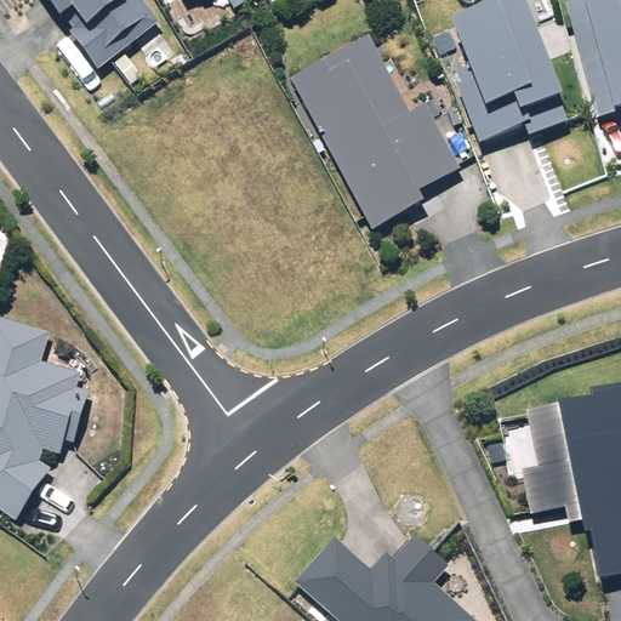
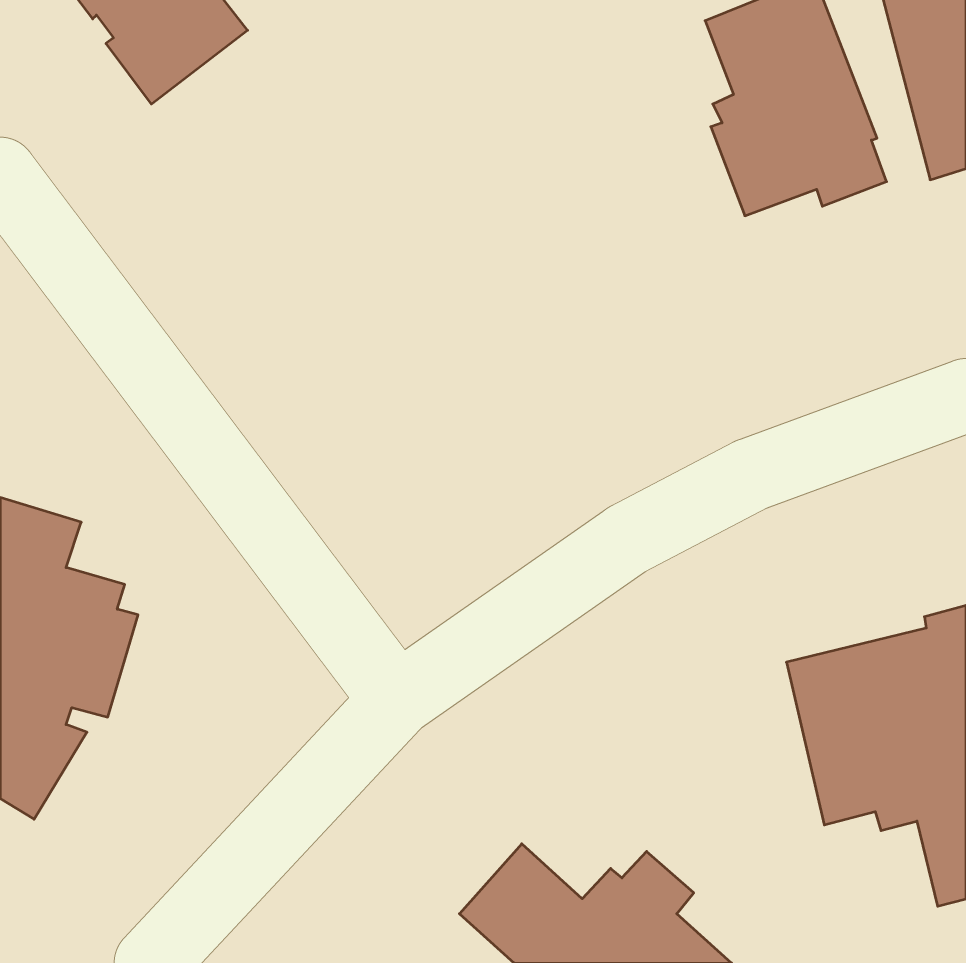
building: [285,28,454,218] -> none

